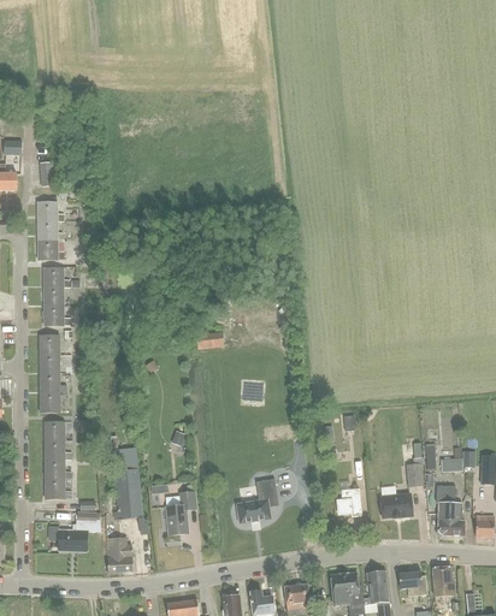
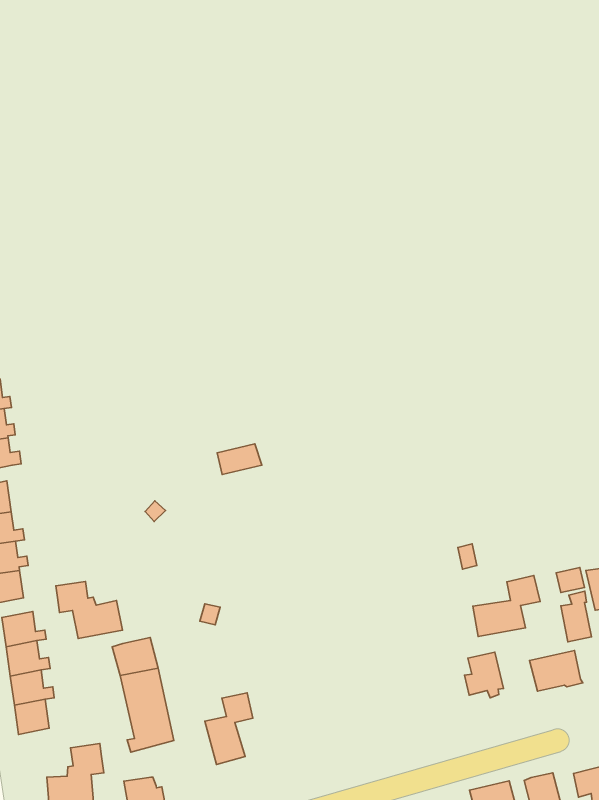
building: none -> [56,581,122,638]
building: none -> [473,575,540,636]
building: [236,479,278,522] -> none

